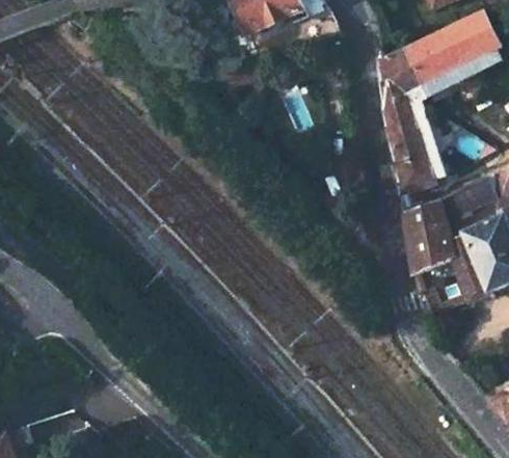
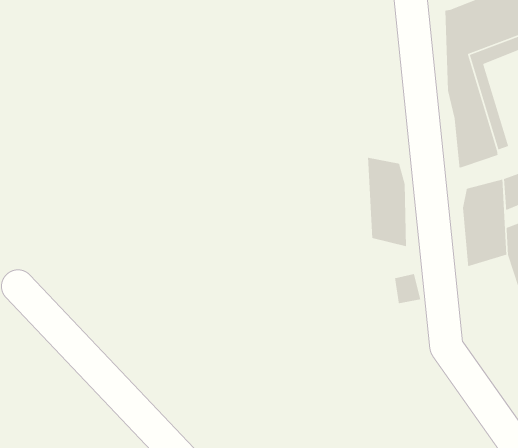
building: none -> [367,157,407,247]

